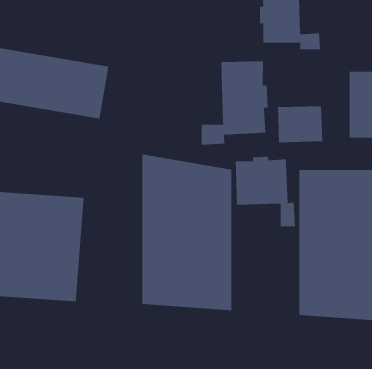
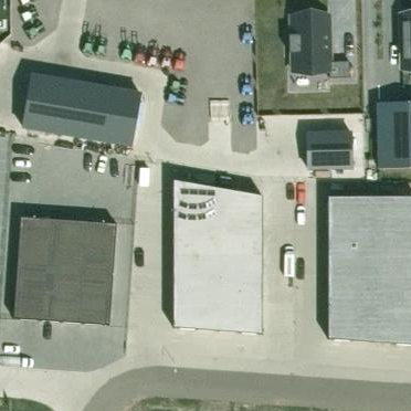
building: [201,61,268,146] -> none
building: [235,156,295,227] -> none

